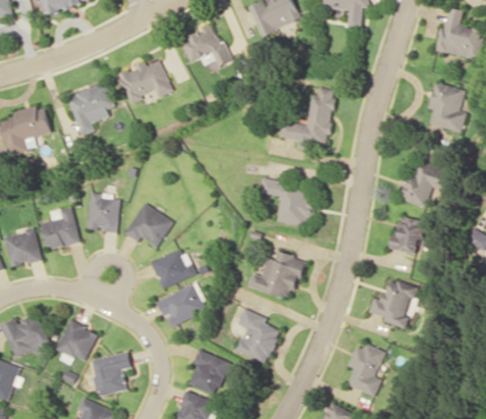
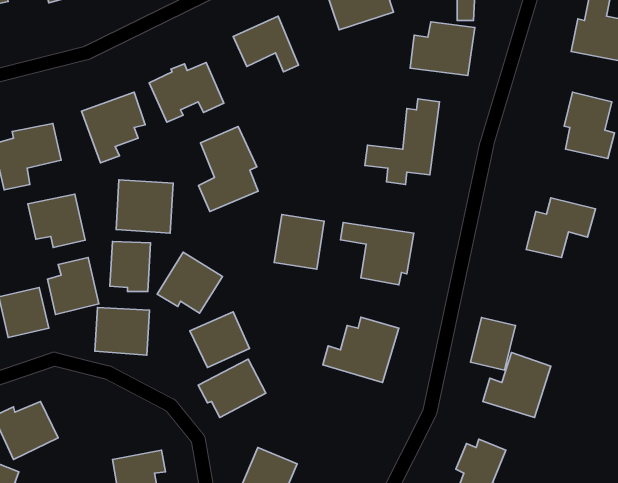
building: none -> [410,22,475,76]
building: none -> [198,127,258,211]
building: none -> [116,180,173,233]
building: none -> [28,194,85,248]
building: none -> [274,214,324,269]
building: [391,214,425,254] -> [471,317,515,370]
building: none -> [95,307,149,355]
building: [235,307,279,362] -> none
building: [55,320,96,362] -> none

